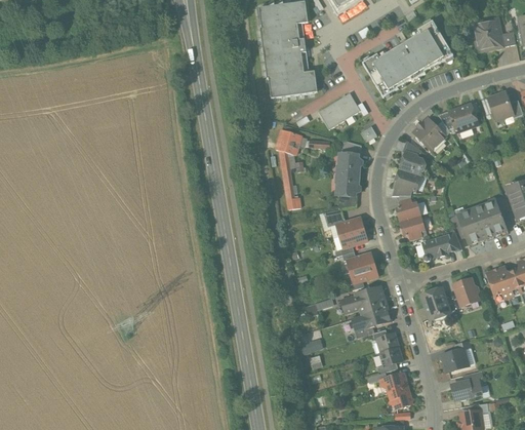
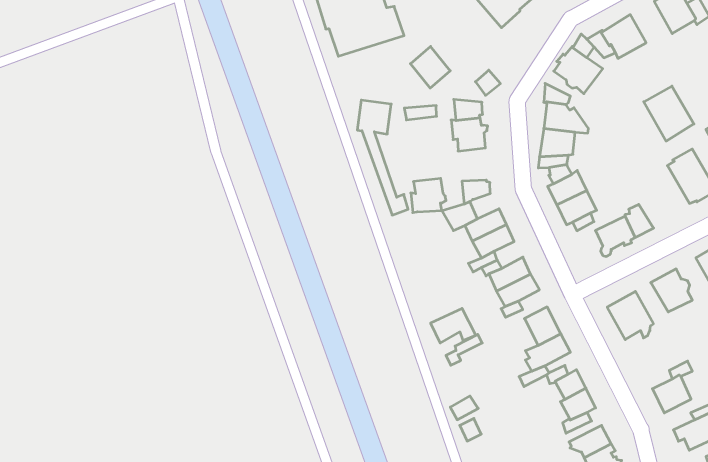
building: [334,91,360,119] -> none
building: [336,173,360,196] -> [411,178,446,213]
building: [457,207,488,243] -> [644,86,694,141]
building: [342,292,371,314] -> [431,308,476,343]

